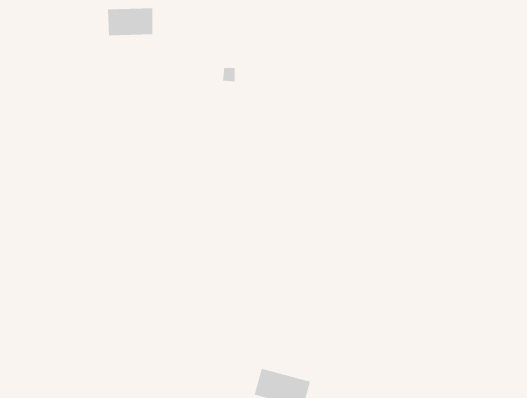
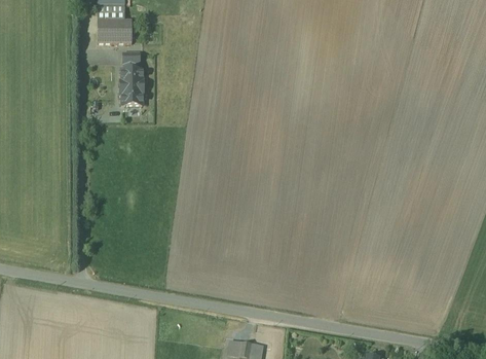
building: none -> [113,66,140,108]

